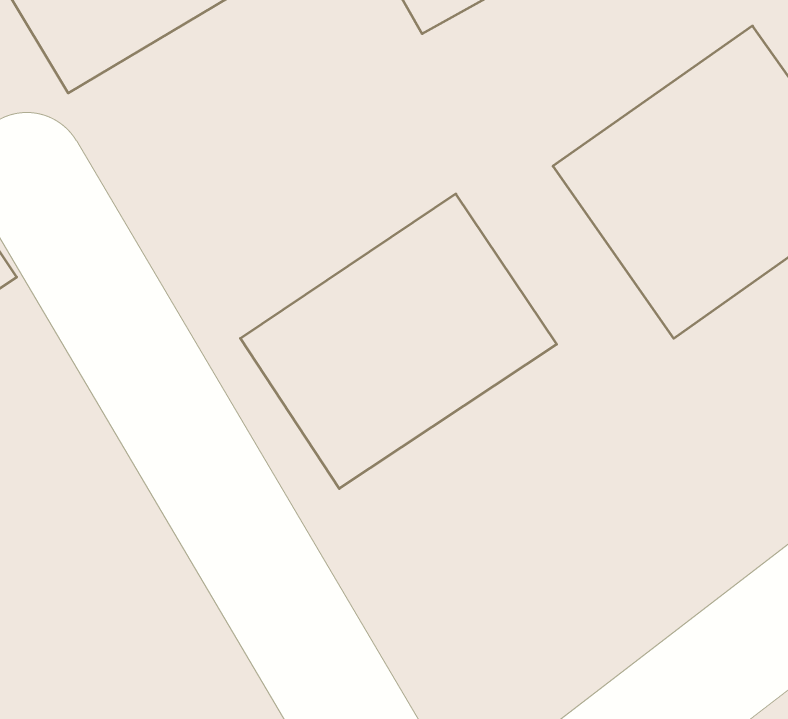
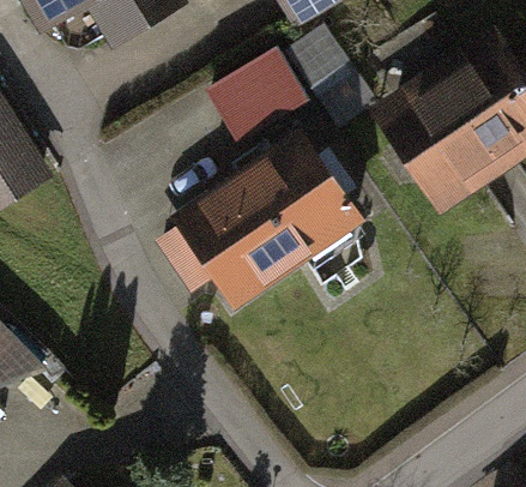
building: none -> [197,48,302,146]

